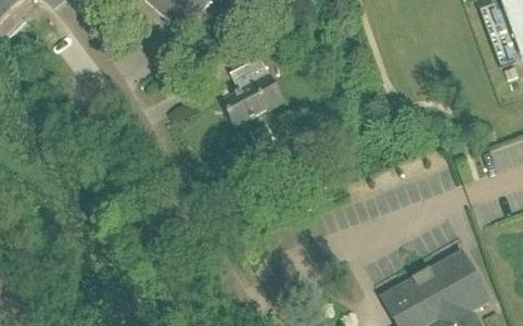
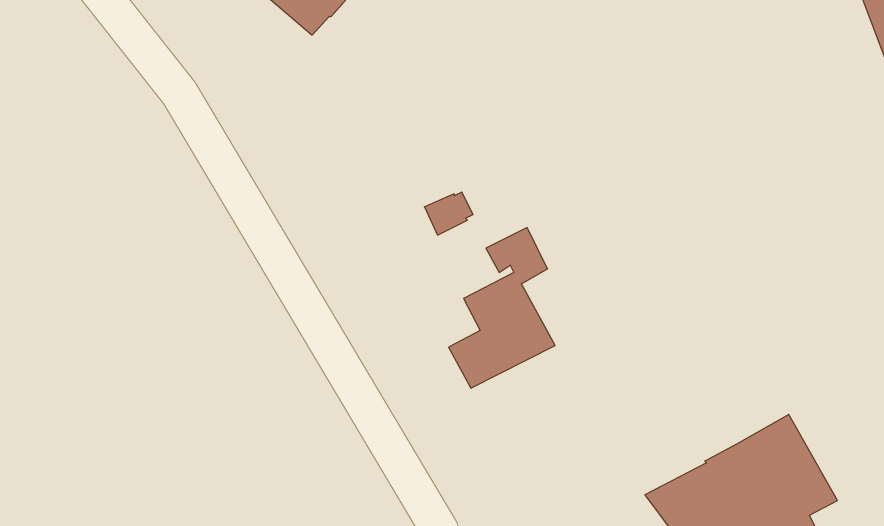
building: [220,32,282,125] -> [449,228,555,388]

